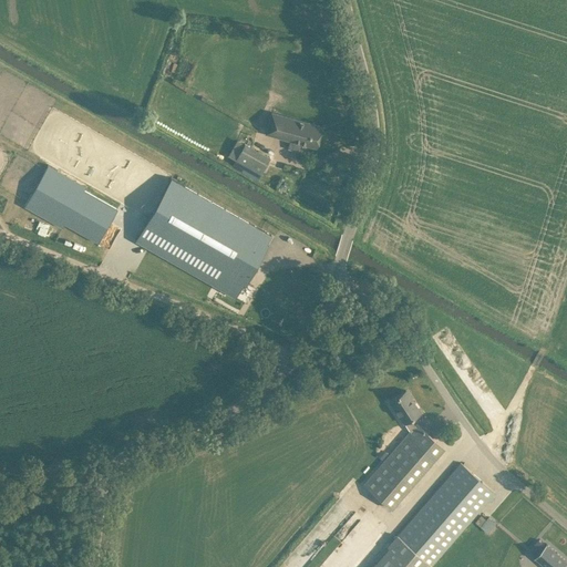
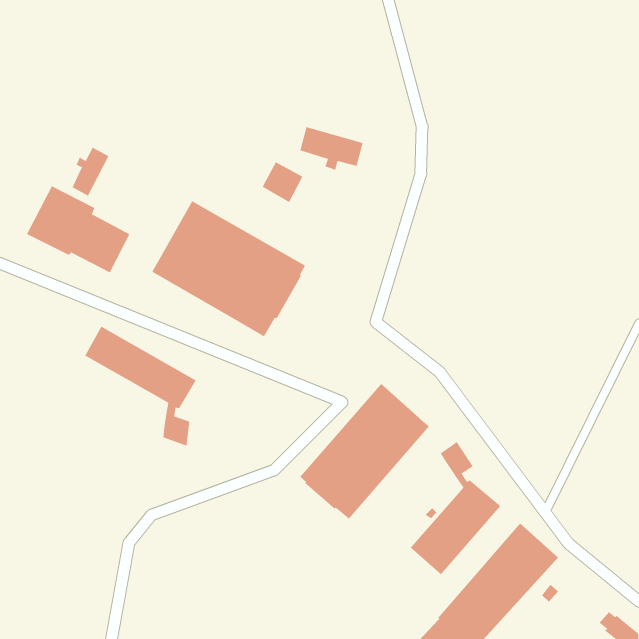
building: none -> [72,147,109,196]
building: none -> [84,326,197,447]
building: none -> [299,383,430,519]

